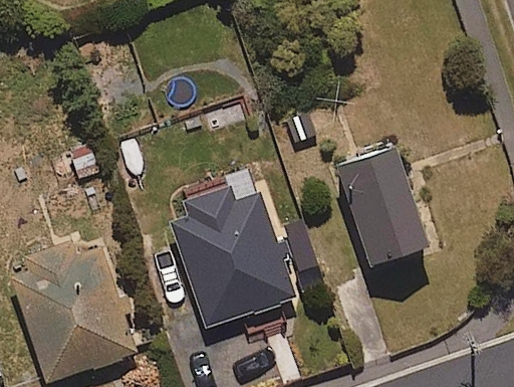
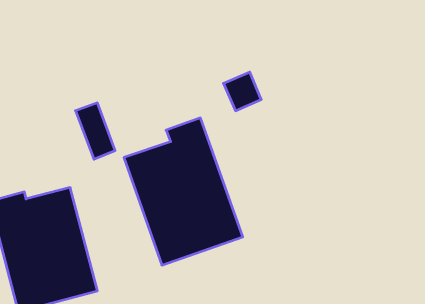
building: [341,156,433,274] -> none

